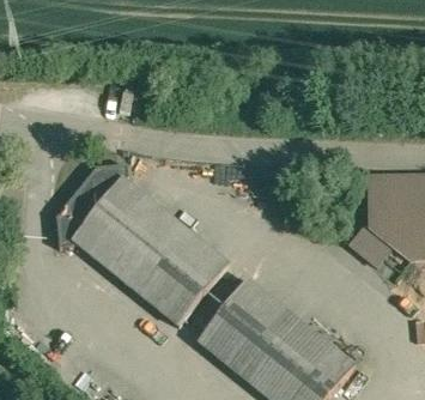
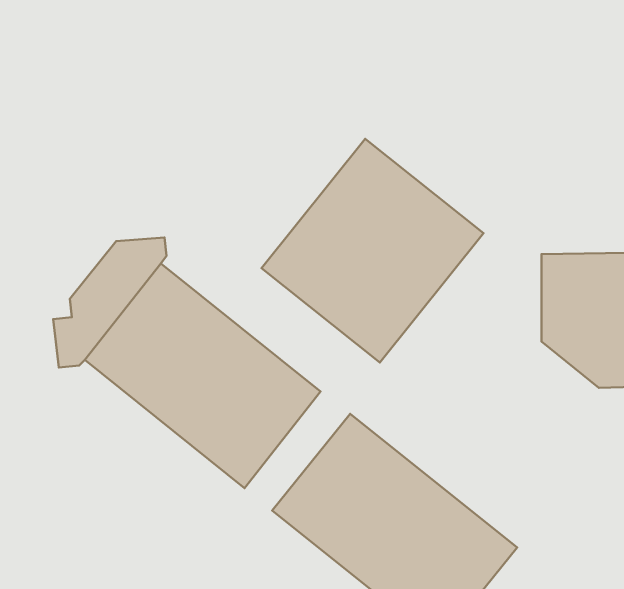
building: none -> [261,139,483,363]

